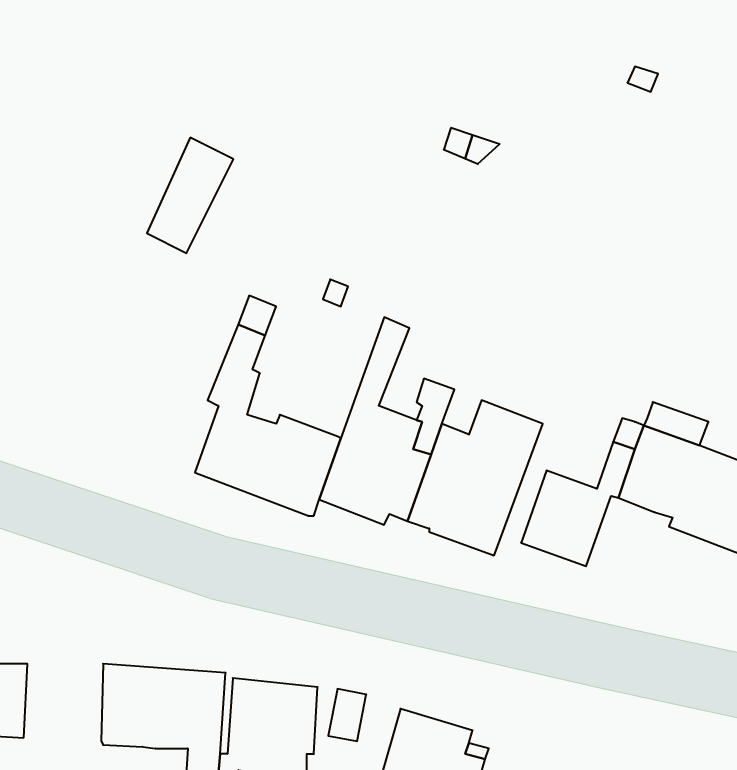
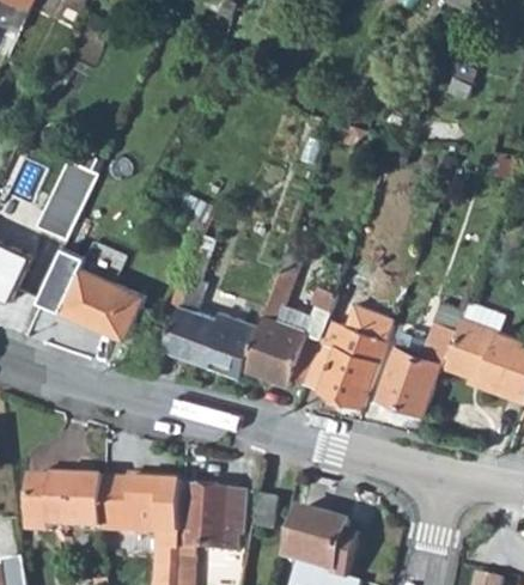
building: [147,138,233,253] -> [38,163,96,239]
building: none -> [39,248,142,339]
building: none -> [48,474,100,528]

